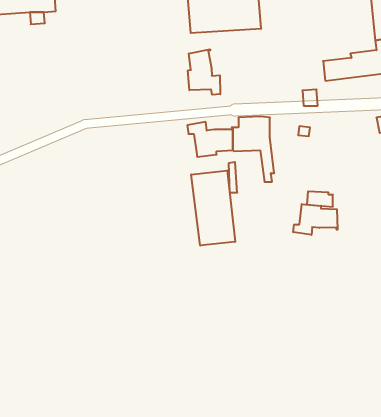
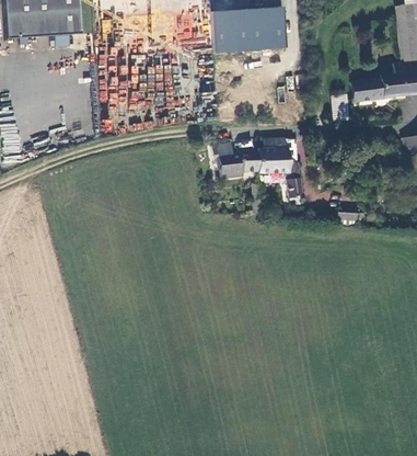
building: [188,49,220,95] -> none
building: [191,170,235,246] -> none
building: [293,204,338,235] -> none

